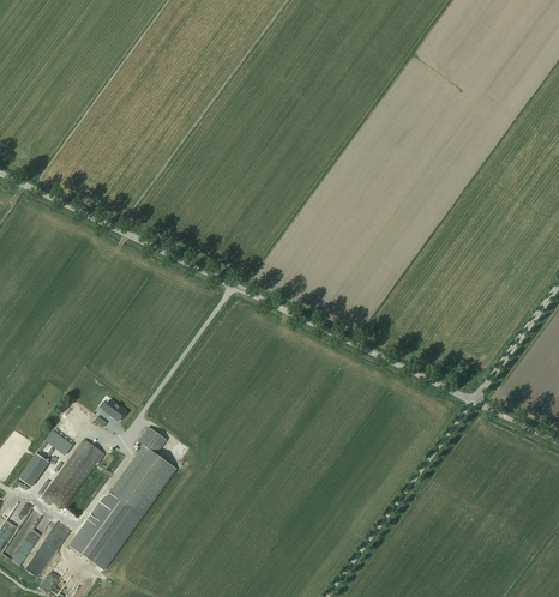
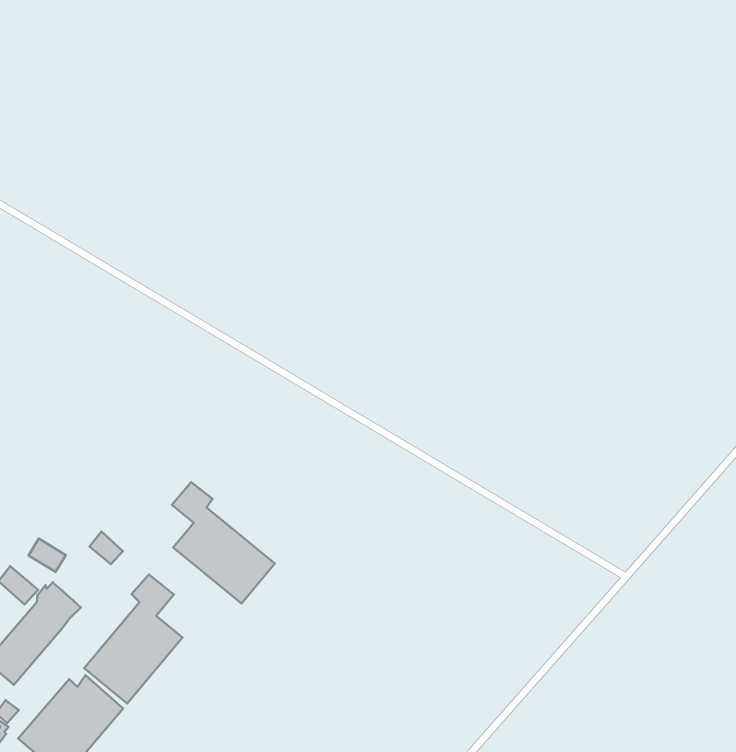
building: none -> [172,482,275,604]

